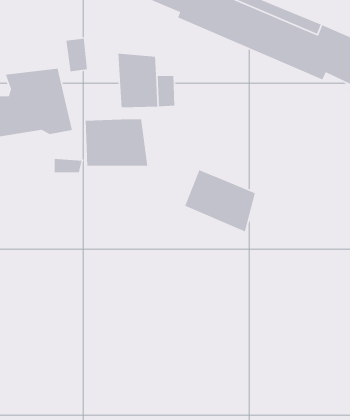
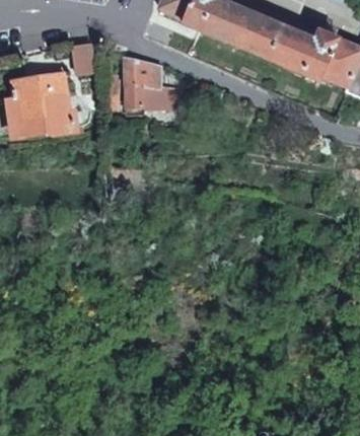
building: [85,119,148,166] -> none
building: [184,169,256,233] -> none

